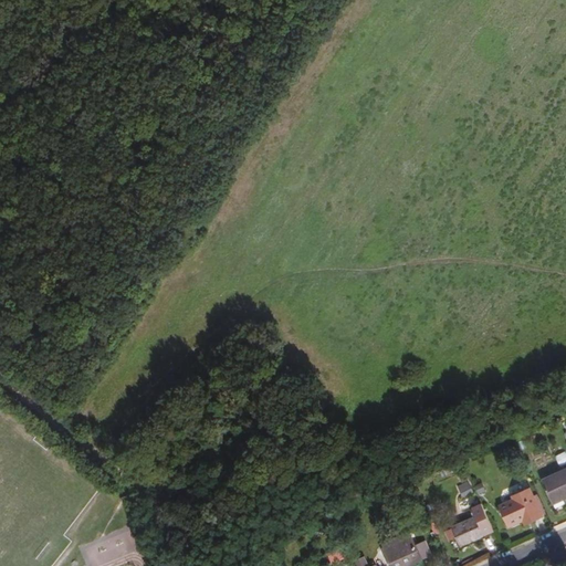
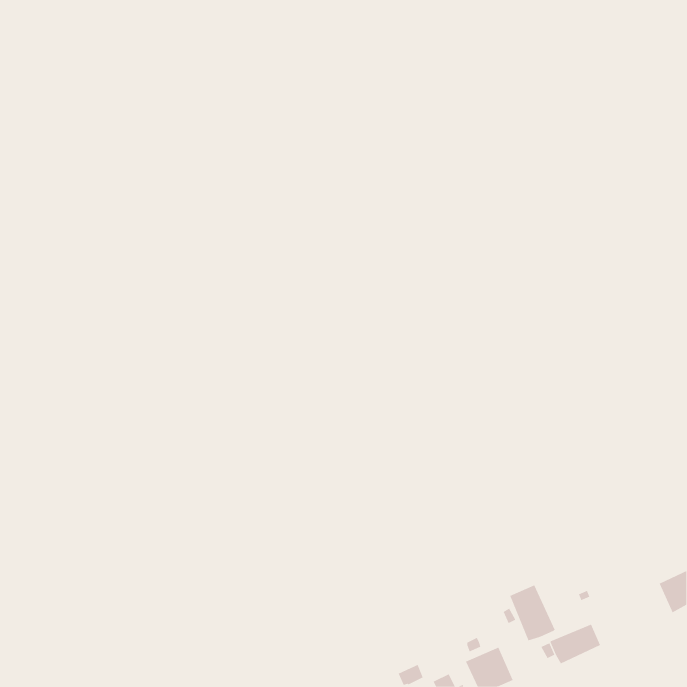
building: none -> [509,585,555,641]
building: [500,489,543,526] -> none

